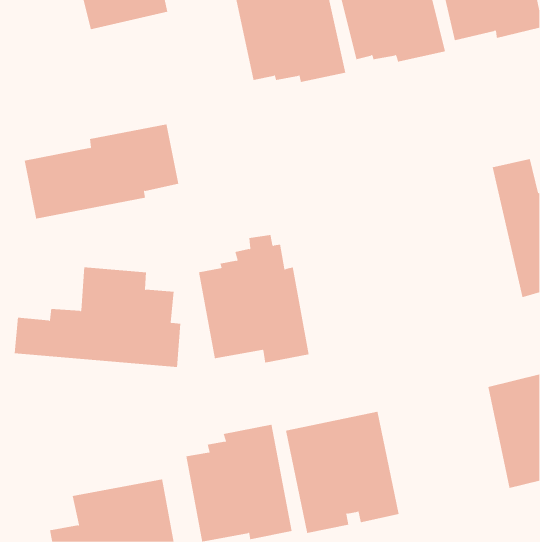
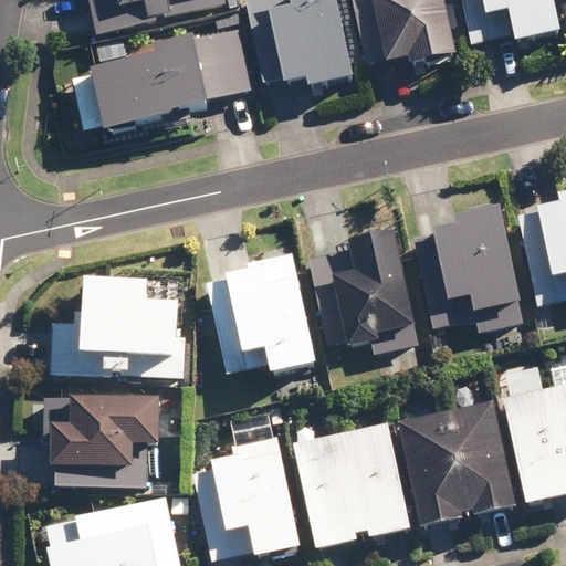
building: [24,124,179,219] -> [88,28,249,126]
building: none -> [415,208,524,333]
building: none -> [306,231,417,348]
building: none -> [43,392,160,486]
building: none -> [399,400,517,527]

